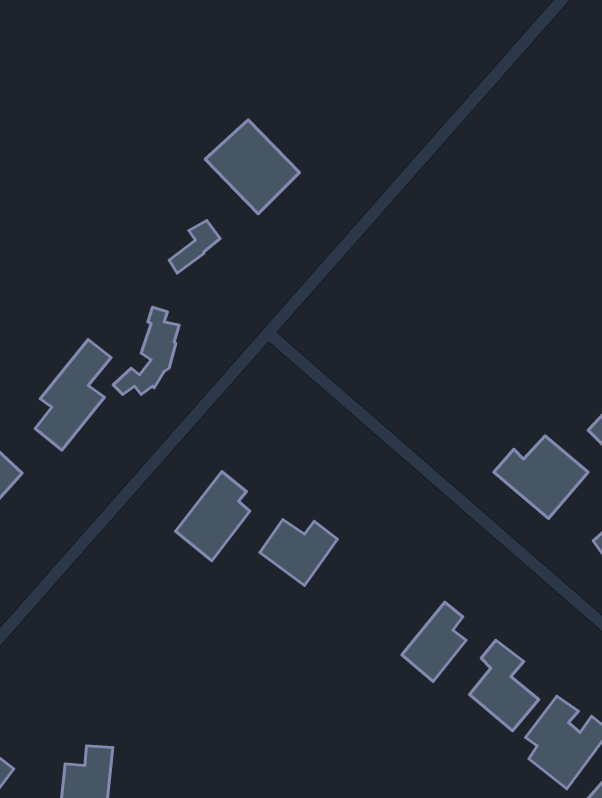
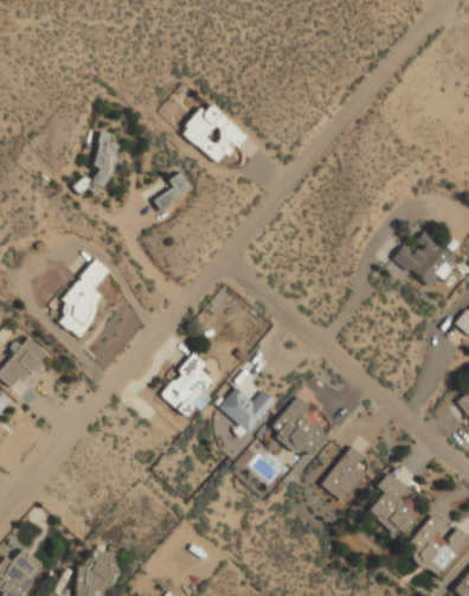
building: [113,307,179,395] -> [72,130,120,193]
building: [494,436,588,519] -> [392,232,460,291]
building: none -> [270,396,328,455]

